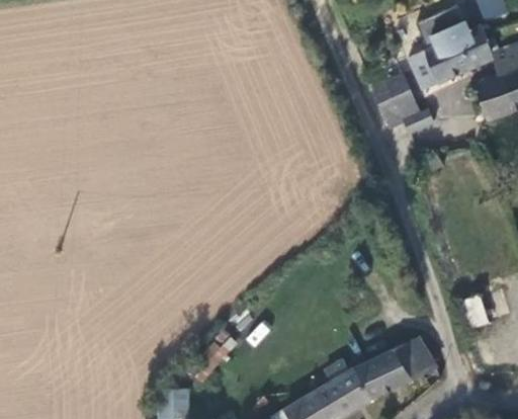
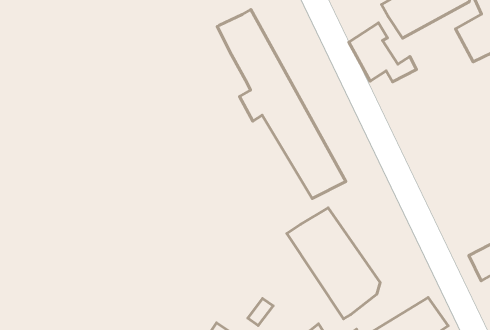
building: none -> [217,9,346,199]
building: none -> [287,208,380,319]

